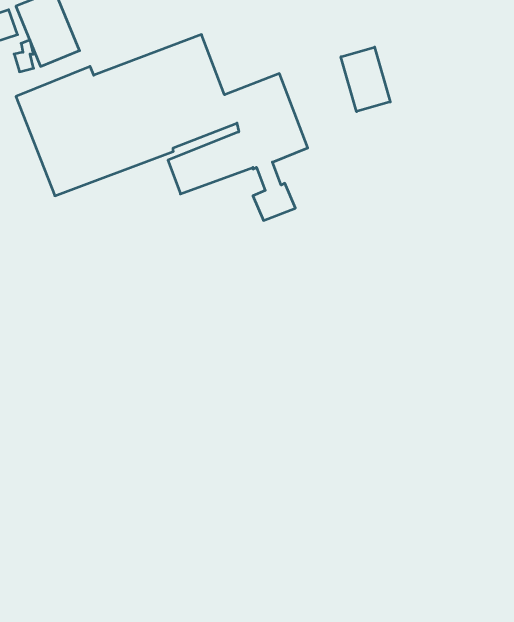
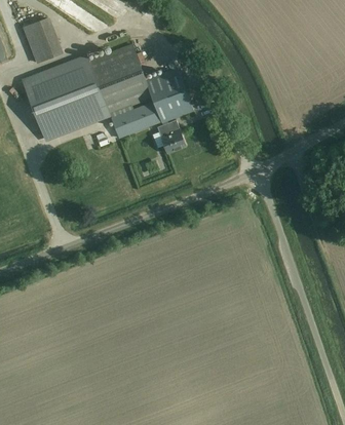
building: [341,47,390,112] -> none

